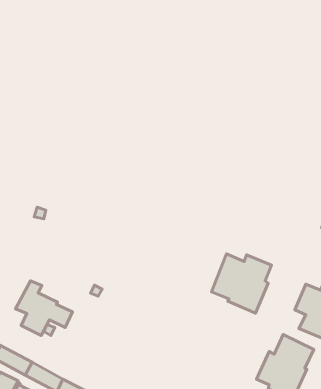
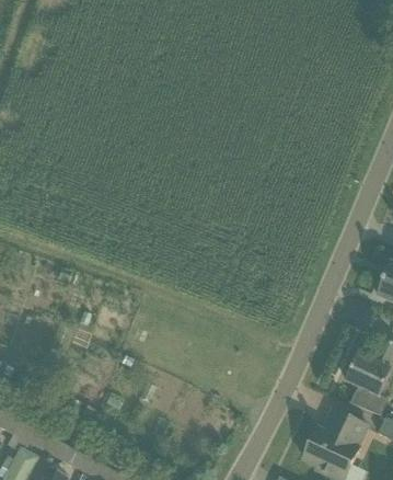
building: [211,254,272,313] -> none
building: [15,281,72,335] -> none

